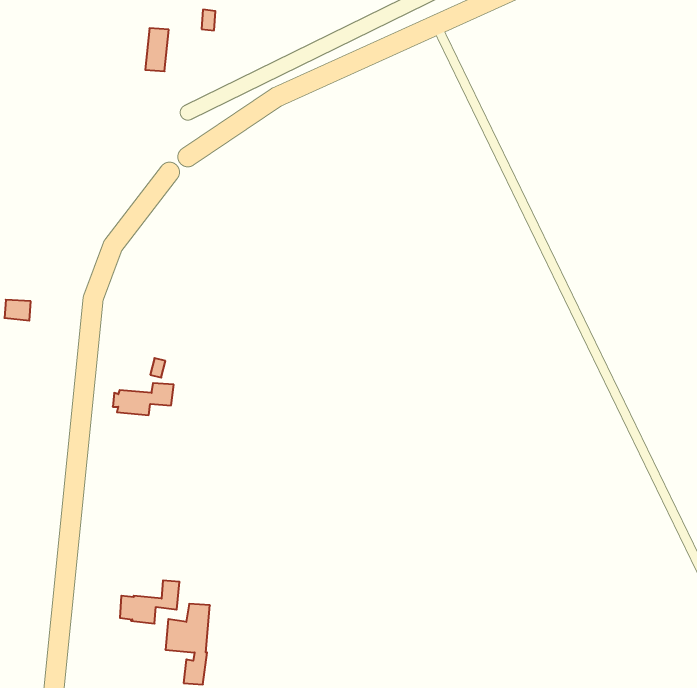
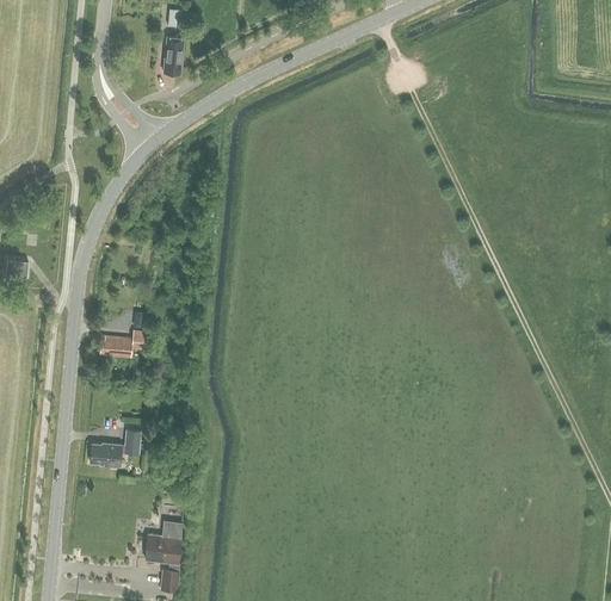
building: [145,28,169,71] -> [162,37,183,74]
building: [120,580,180,624] -> [88,429,140,466]

